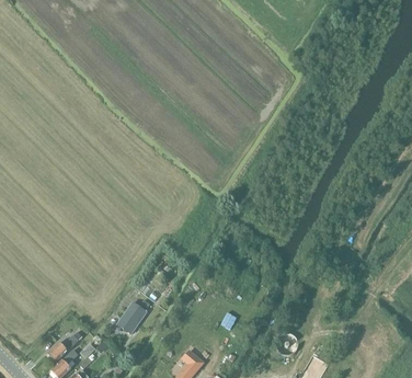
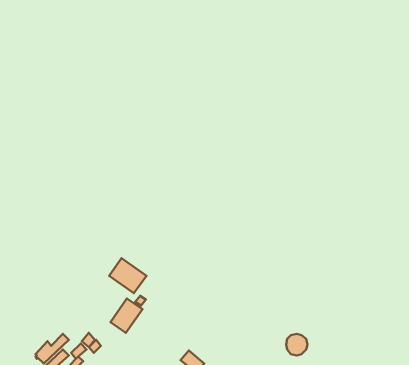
building: none -> [109,258,146,293]

